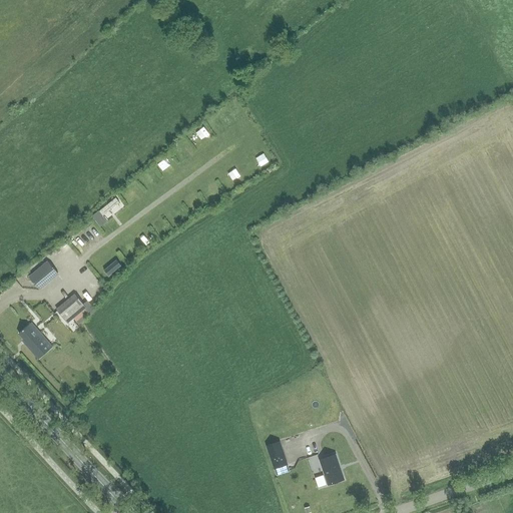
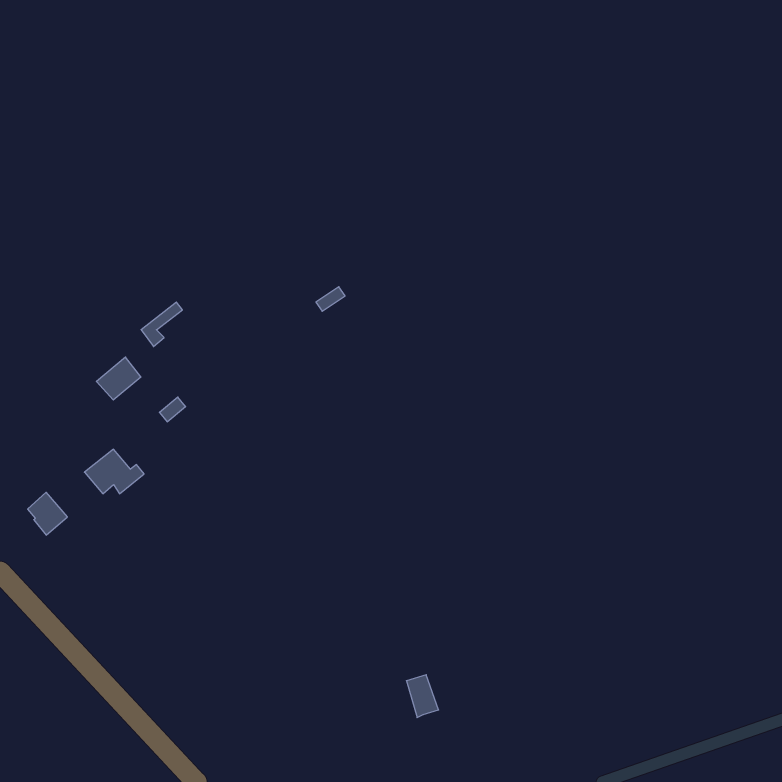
building: [29,261,58,289] -> [96,357,141,400]
building: [320,455,344,484] -> none

